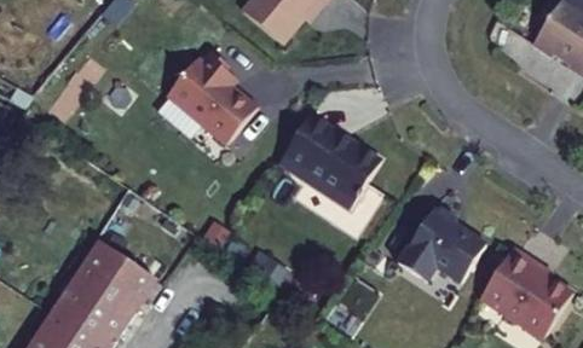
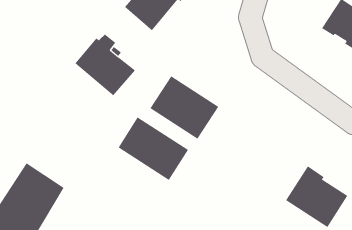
building: none -> [118,117,189,181]
building: [398,208,485,282] -> none

